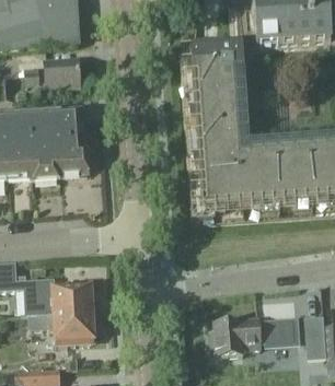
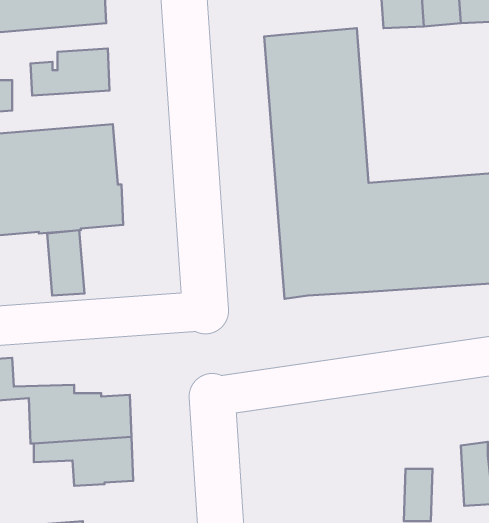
building: none -> [47,230,84,295]
building: [210,314,261,353] -> none

